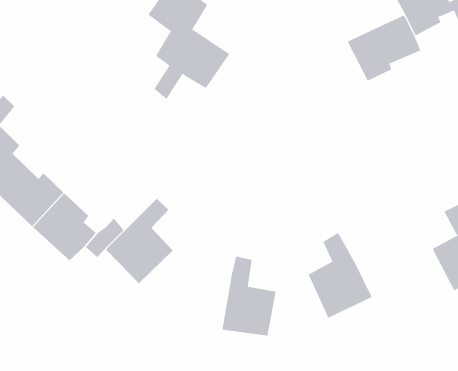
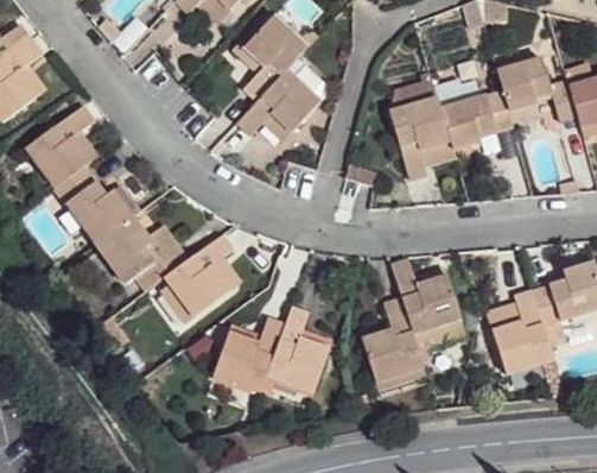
building: none -> [392,95,453,178]
building: none -> [392,260,463,333]
building: none -> [214,315,287,392]

